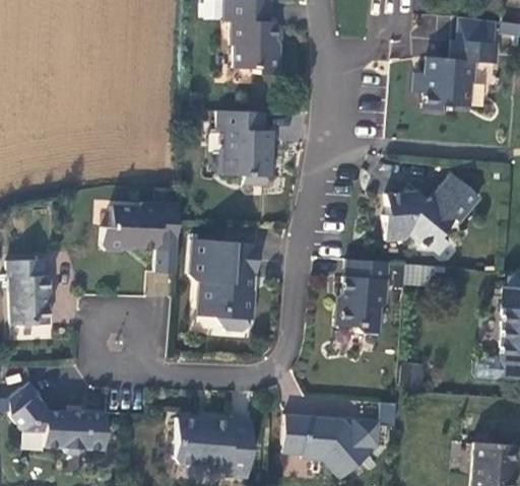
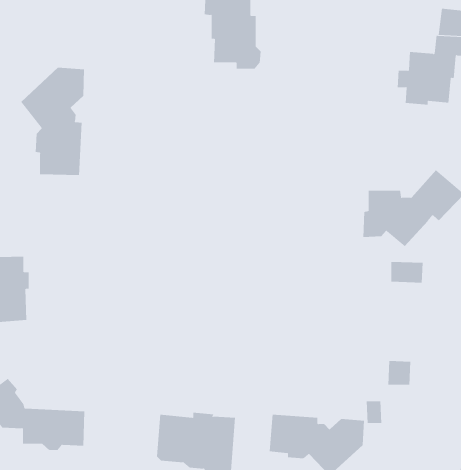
building: none -> [20,67,84,176]
building: [215,112,272,186] -> none
building: [102,202,178,272] -> none
building: [192,239,260,331] -> none
building: [333,259,389,334] -> none

